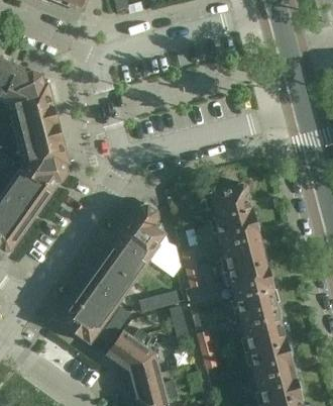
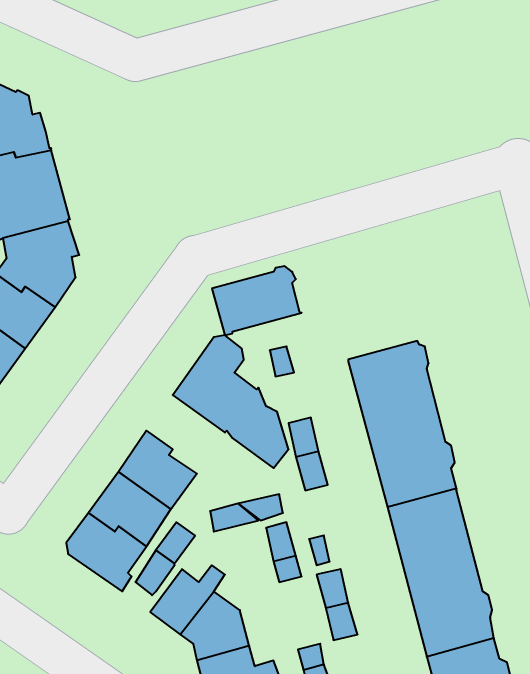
building: [202,182,250,219] -> [212,266,302,335]
building: [104,236,150,279] -> none

